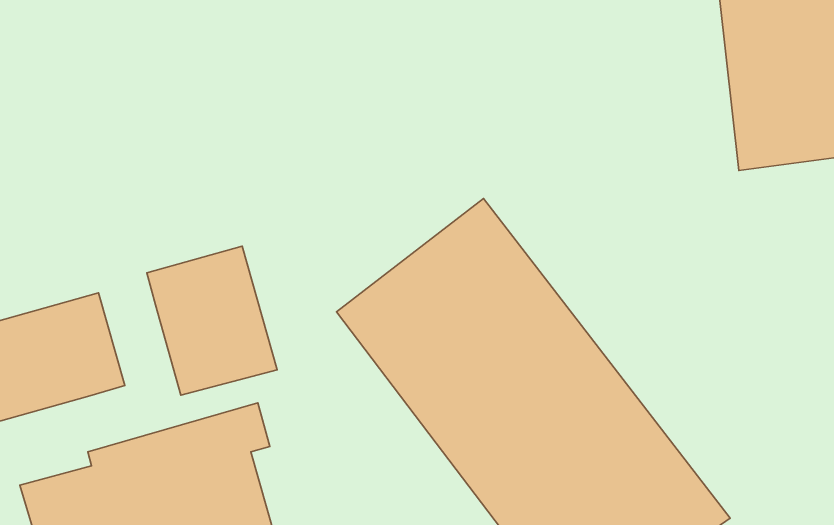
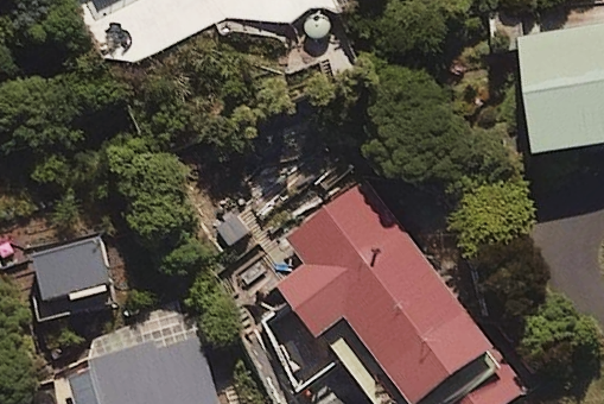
building: [147,246,277,395] -> none

